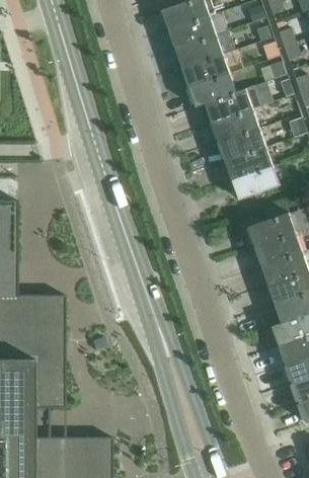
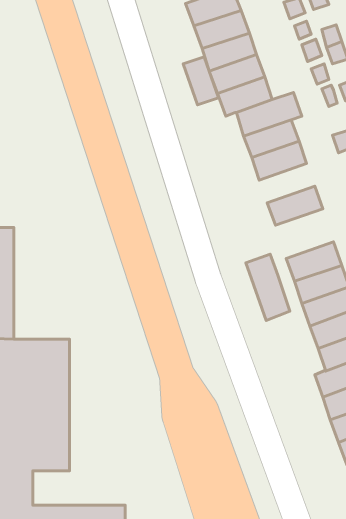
building: none -> [183,57,219,105]
building: [225,147,273,180] -> none
building: none -> [246,254,290,321]

